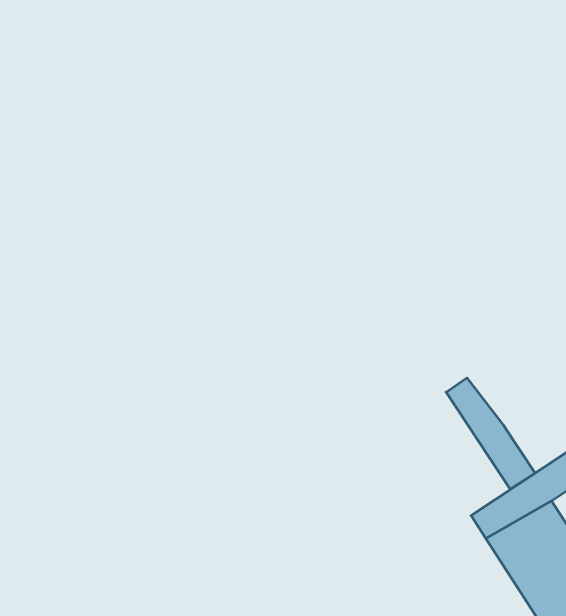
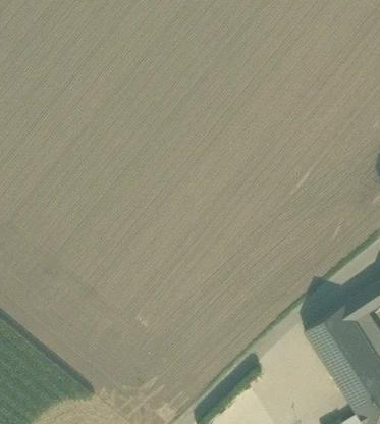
building: [446,378,535,489] -> none

